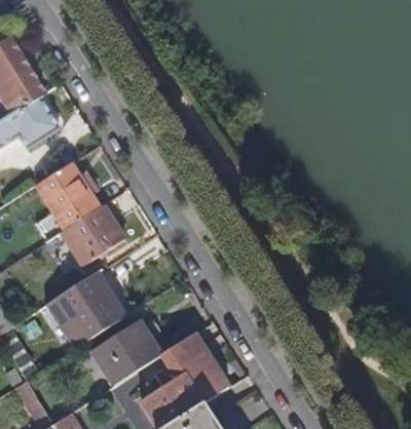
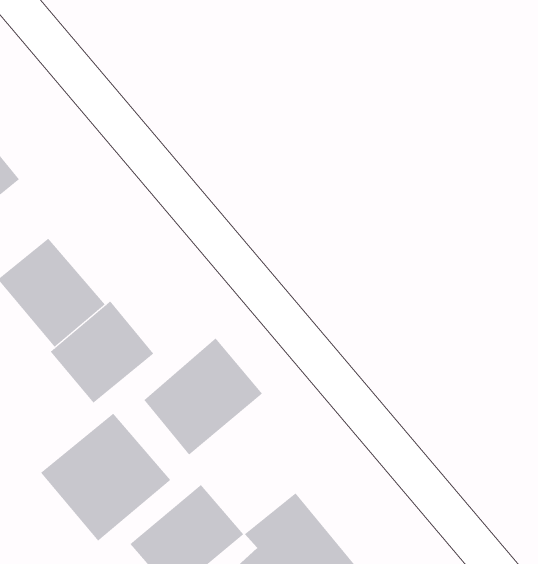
building: none -> [143,338,263,456]

